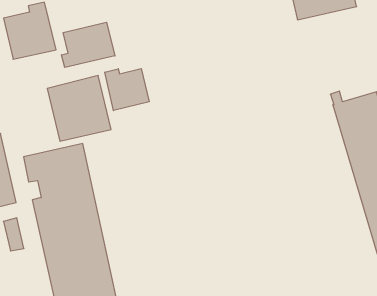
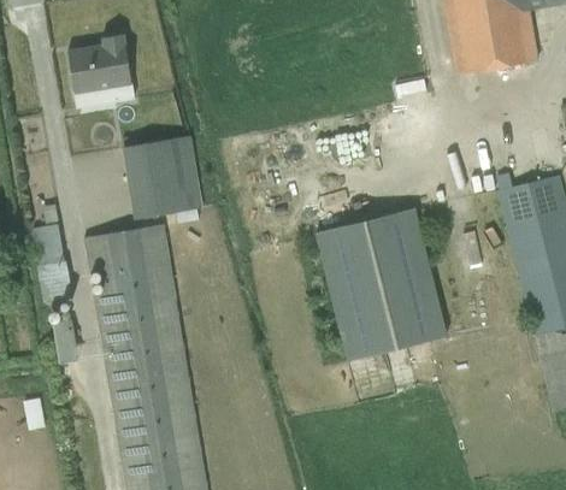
building: [62,22,115,67] -> none
building: [105,69,149,111] -> none
building: none -> [314,207,446,359]

